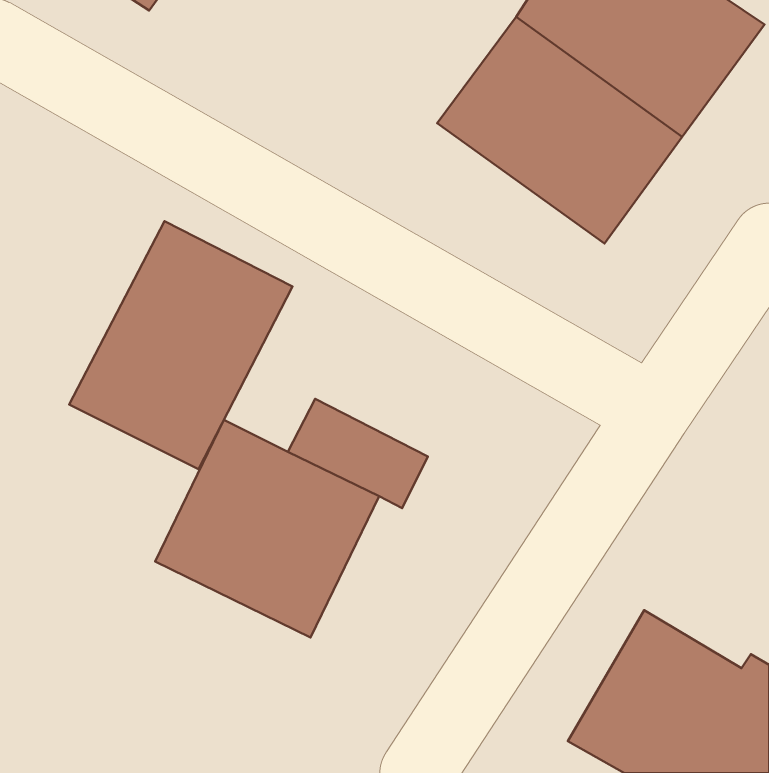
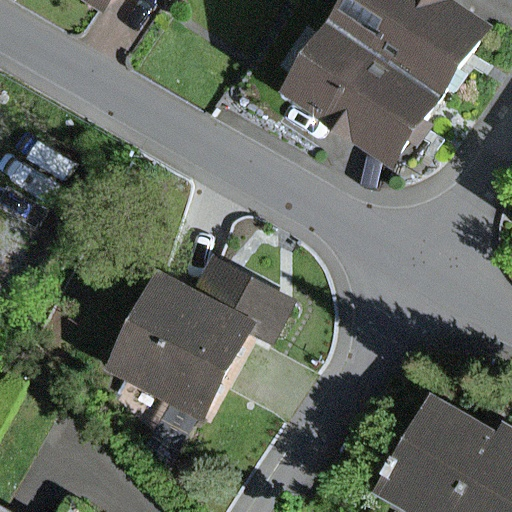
building: [69,221,293,469] -> none

